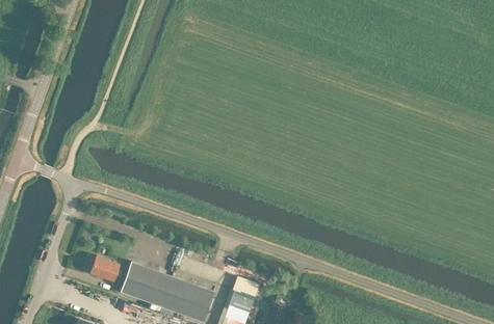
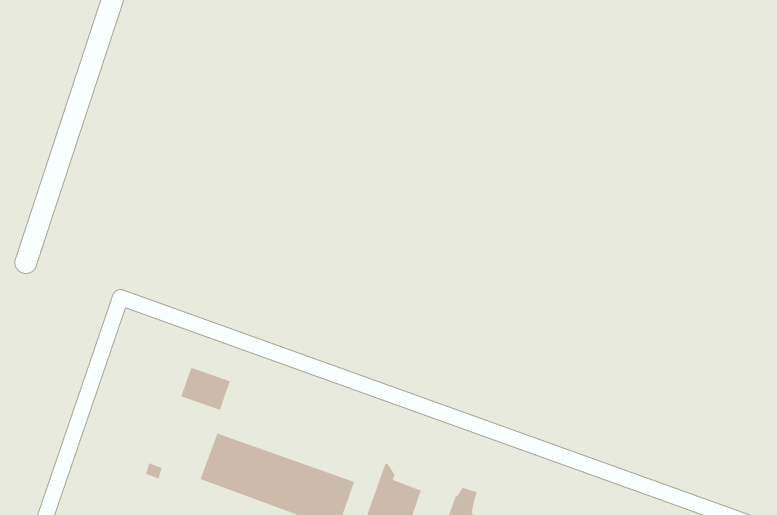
building: [90,254,121,280] -> [180,367,231,411]

